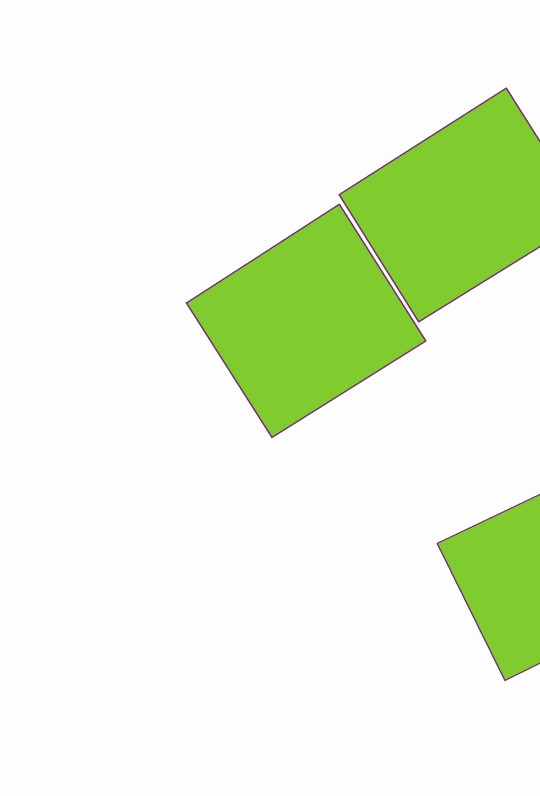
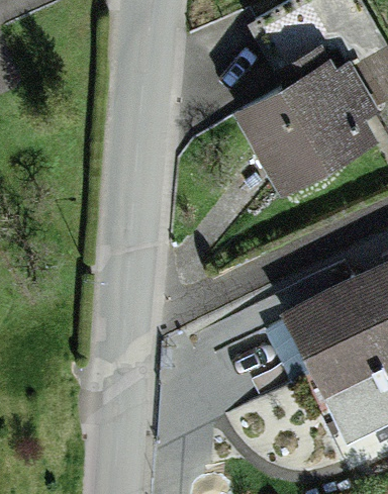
building: [186,204,426,437] -> none

